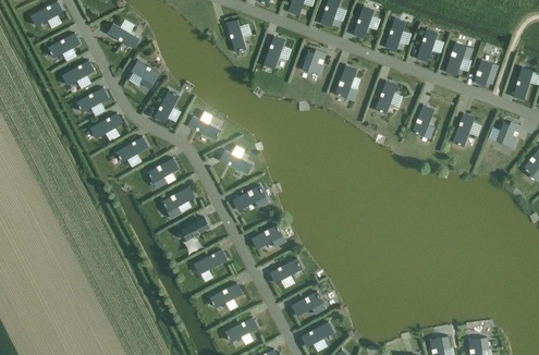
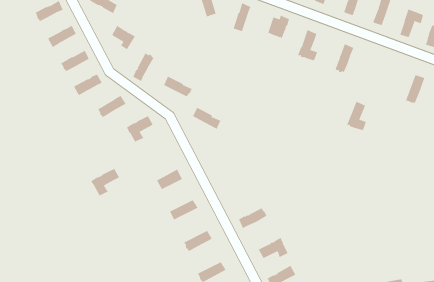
building: [412,105,434,138] -> [346,100,367,131]
building: [232,185,269,209] -> none
building: [161,186,194,218] -> [90,168,120,197]
building: [250,224,286,248] -> none

